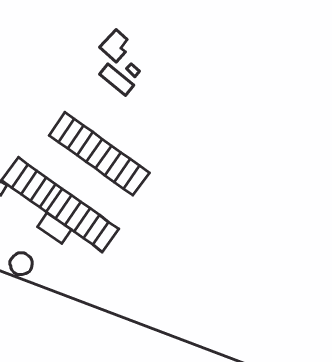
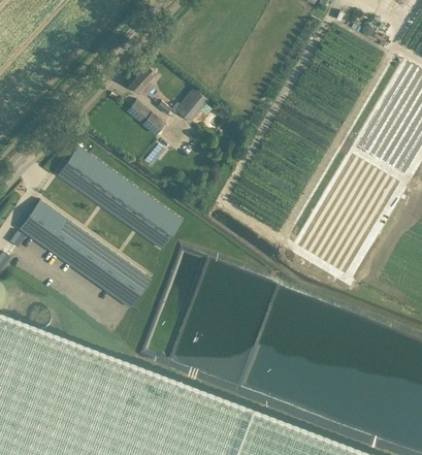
building: none -> [176,89,208,123]
building: none -> [57,145,89,183]
building: [37,213,71,243] -> none

